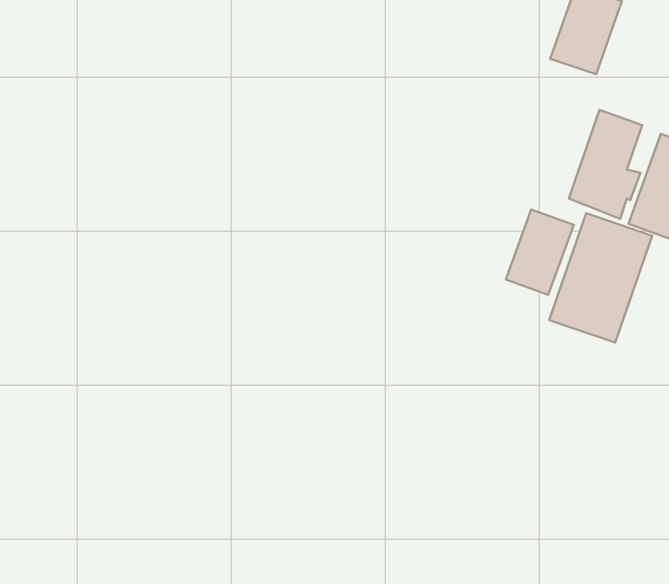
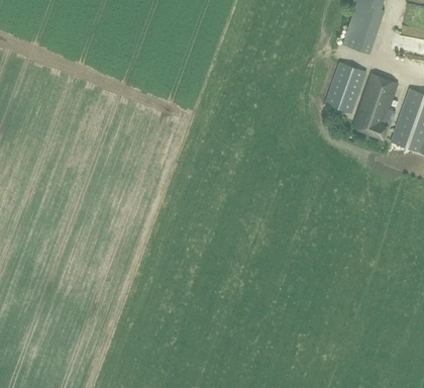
building: [506,210,574,295] -> [325,62,365,112]
building: [549,213,652,343] -> none

